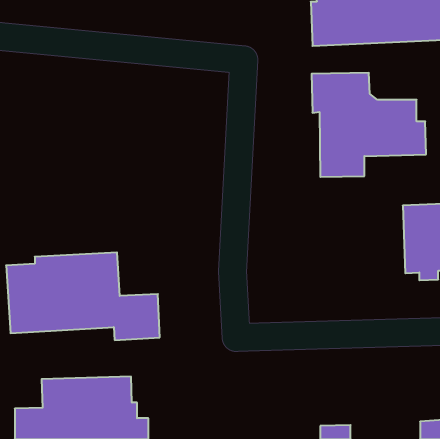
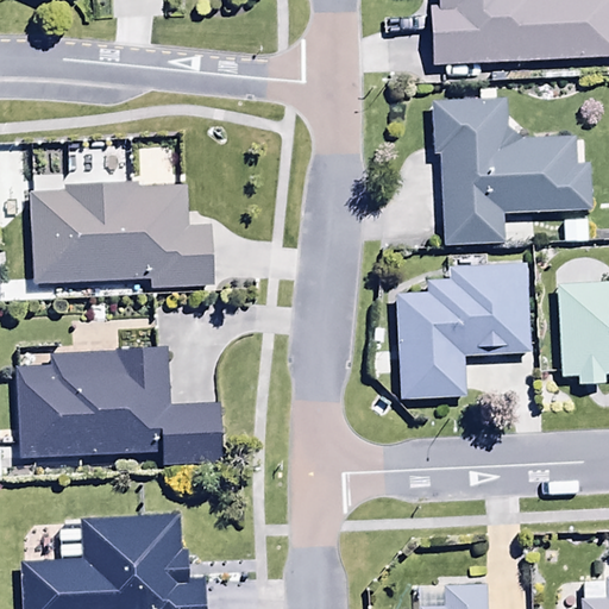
building: none -> [33,183,214,290]
building: none -> [396,262,528,397]

